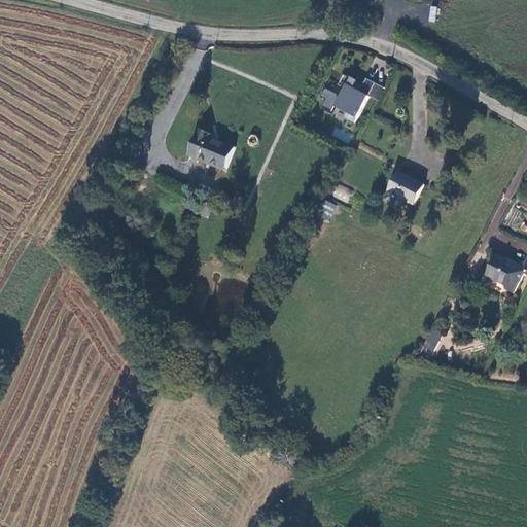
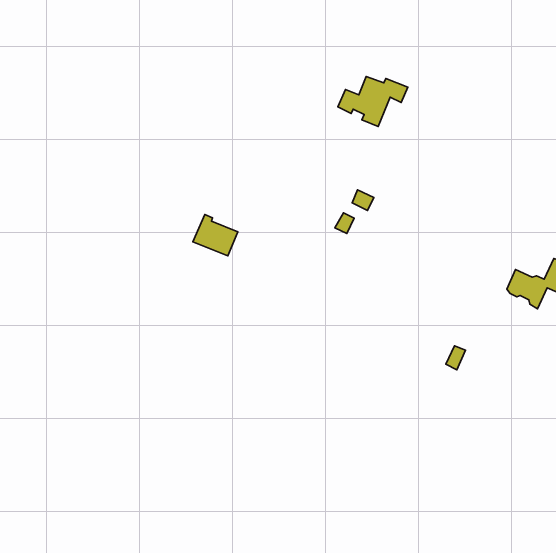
building: [192,133,235,172] -> [193,214,238,256]
building: [383,170,423,205] -> none

